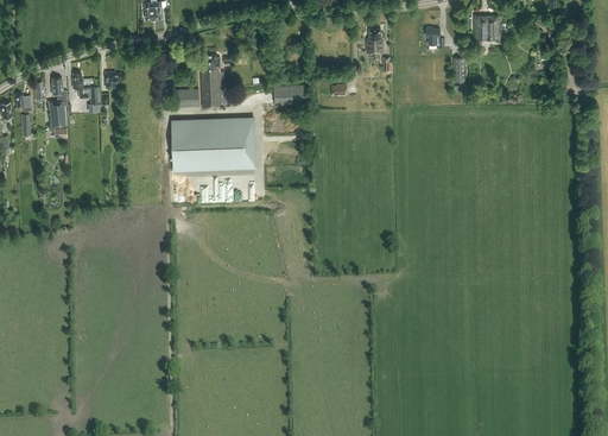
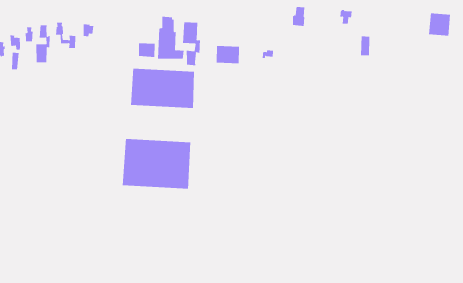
building: [474,17,500,44] -> [428,13,451,36]
building: none -> [182,21,201,66]
building: none -> [122,138,191,190]

